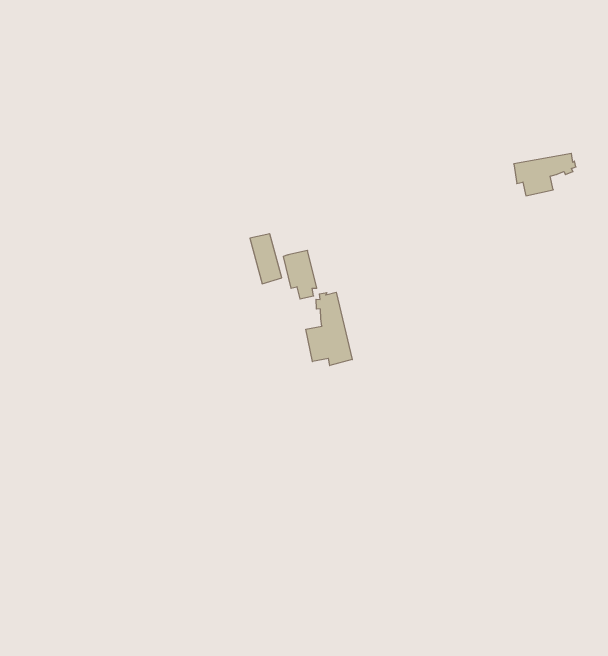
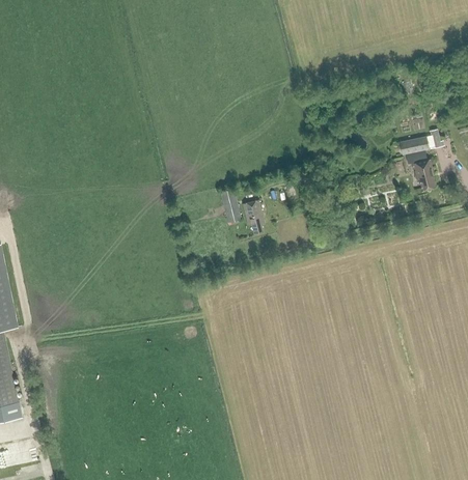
building: none -> [413,161,435,191]
building: [306,292,352,366] -> none

